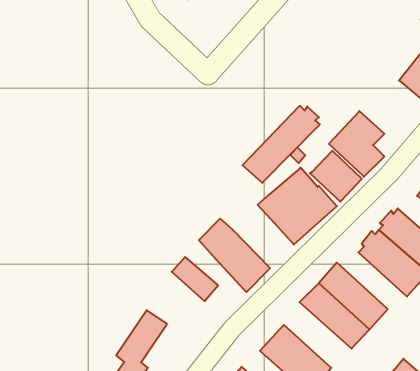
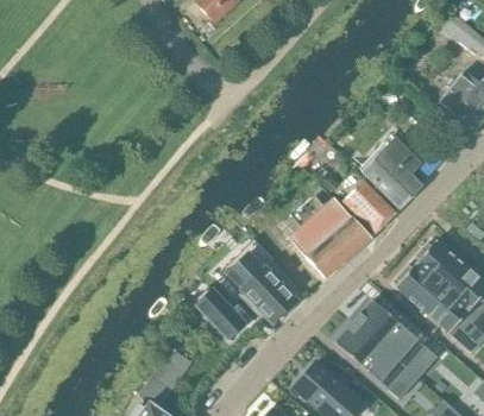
building: [242,106,320,183] -> none

